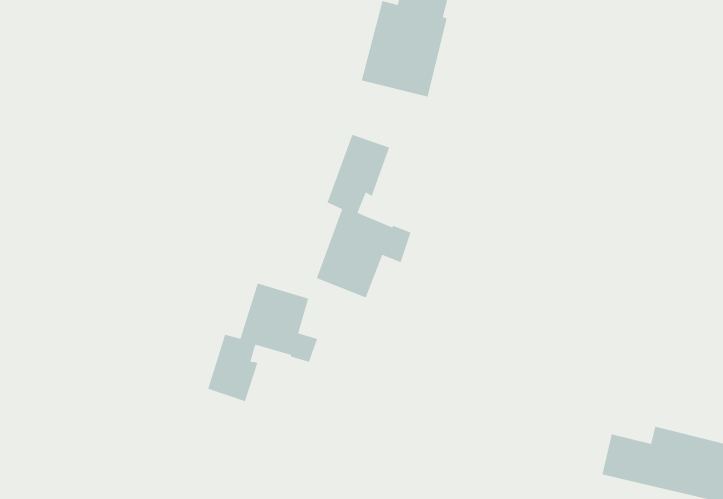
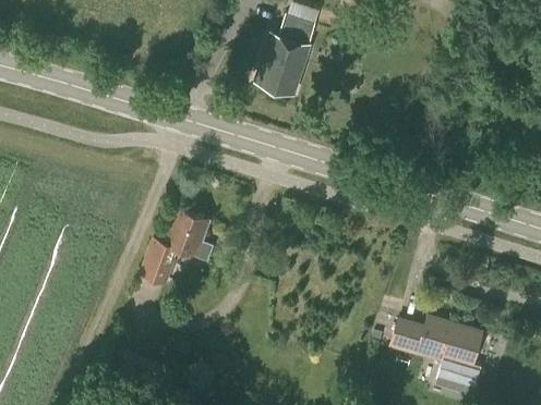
building: [316,134,411,298] -> none

